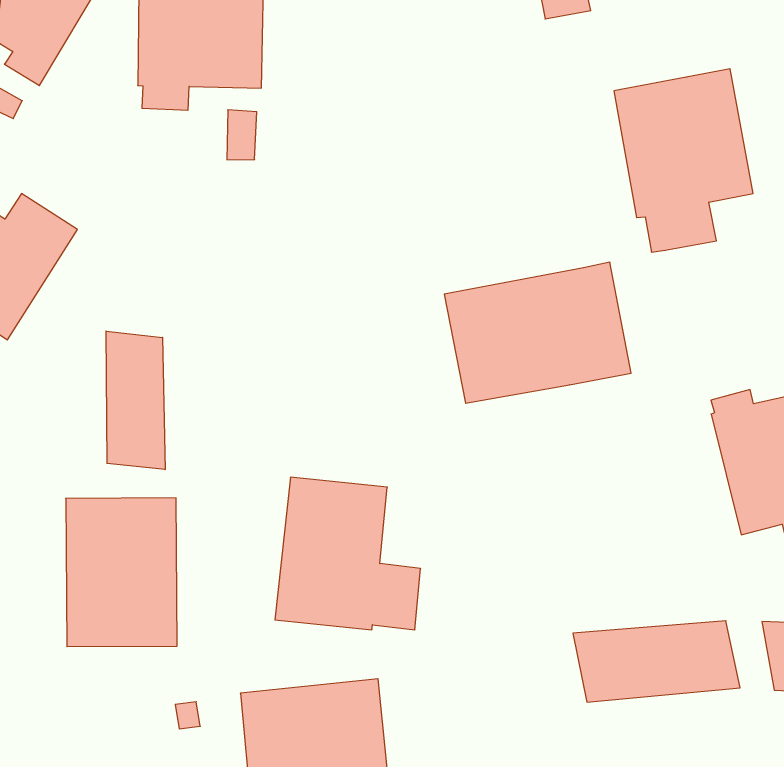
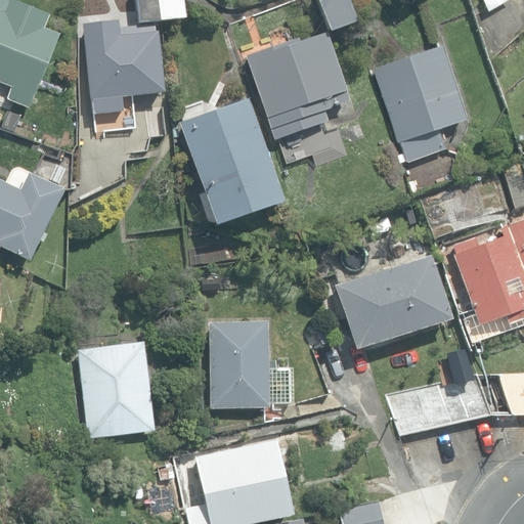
building: none -> [246,34,348,140]
building: none -> [179,97,283,225]
building: [444,262,631,403] -> [335,255,451,349]
building: [106,331,165,470] -> none

